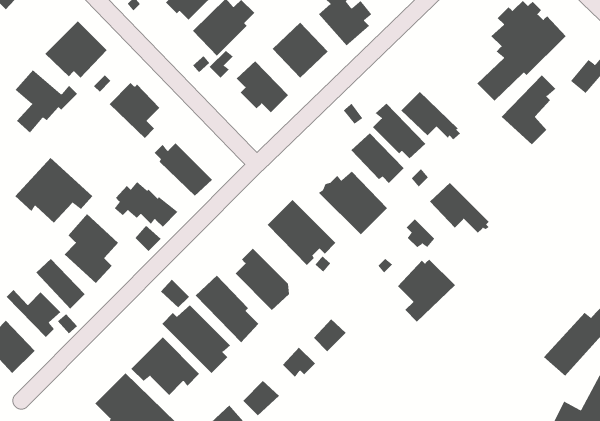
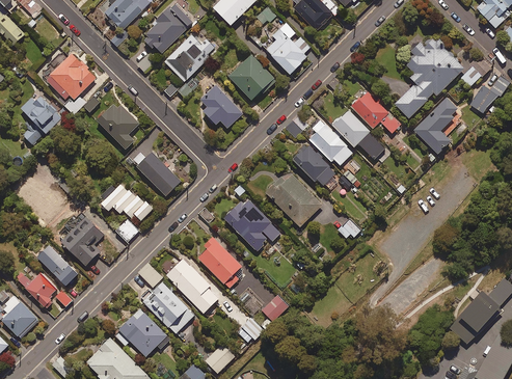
building: [14,157,93,224] -> none
building: [429,182,490,233] -> [352,91,401,133]
building: [397,259,456,322] -> none

